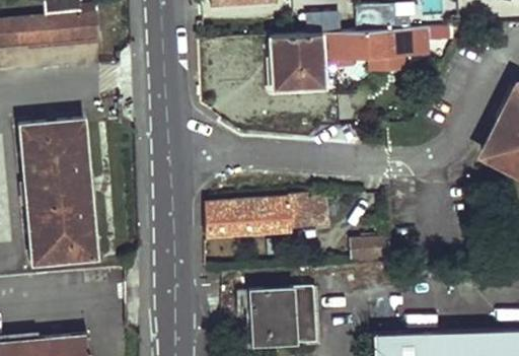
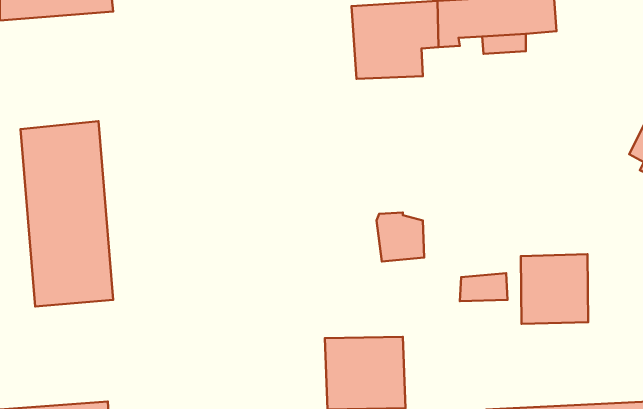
building: [208,200,296,234] -> none
building: none -> [521,254,588,324]

